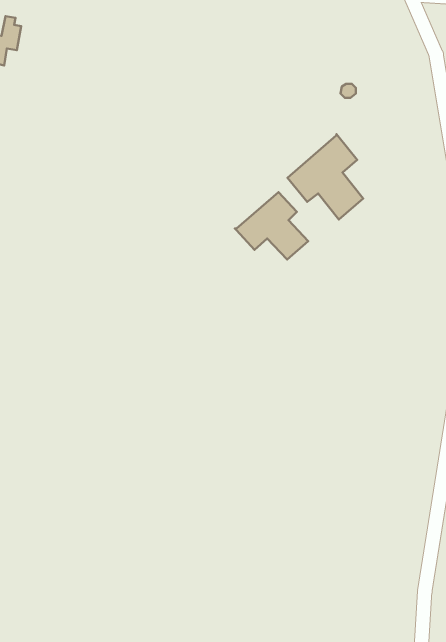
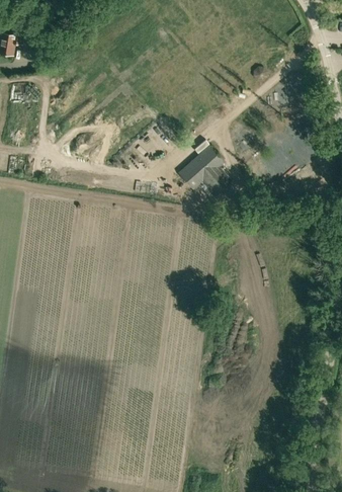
building: [288,134,363,220] -> none

